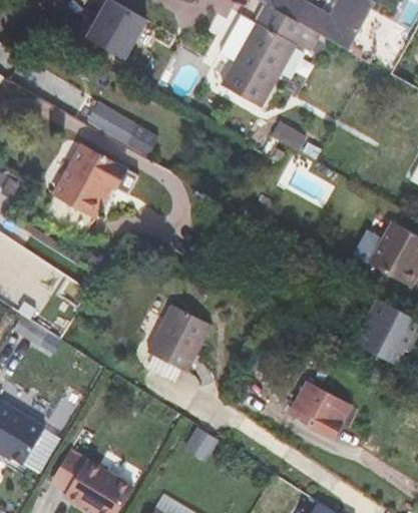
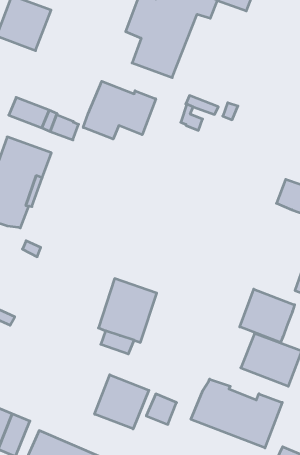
building: none -> [83,81,156,139]
building: none -> [240,289,295,343]
building: none -> [95,375,149,429]
building: none -> [191,379,282,448]

